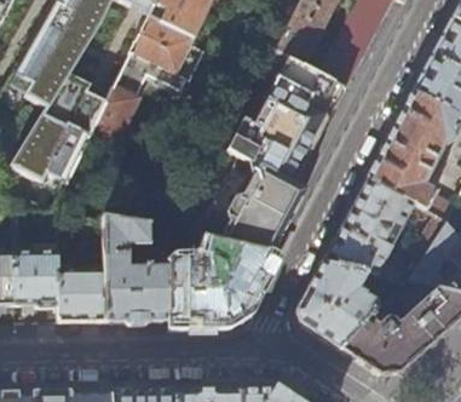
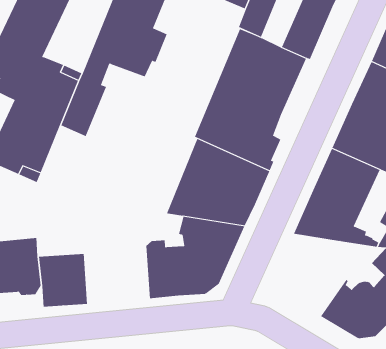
building: [105,217,169,318] -> none
building: [299,260,376,346] -> none

